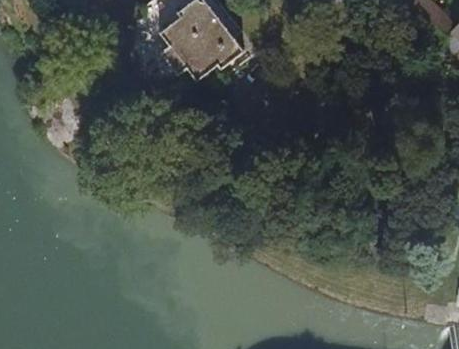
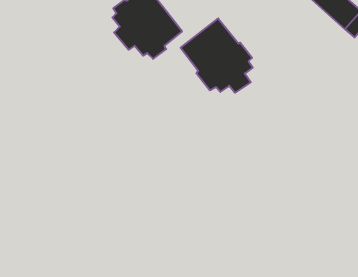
building: none -> [181,18,253,93]

